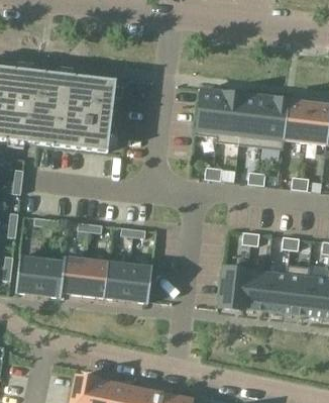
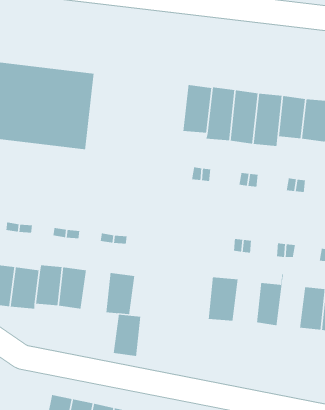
building: [103,261,129,300] -> [113,314,141,357]
building: [283,264,309,314] -> none
building: [242,269,267,309] -> none

